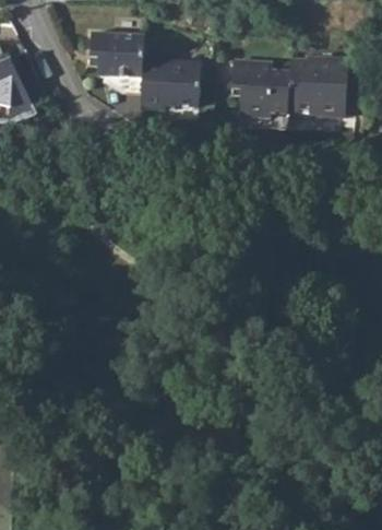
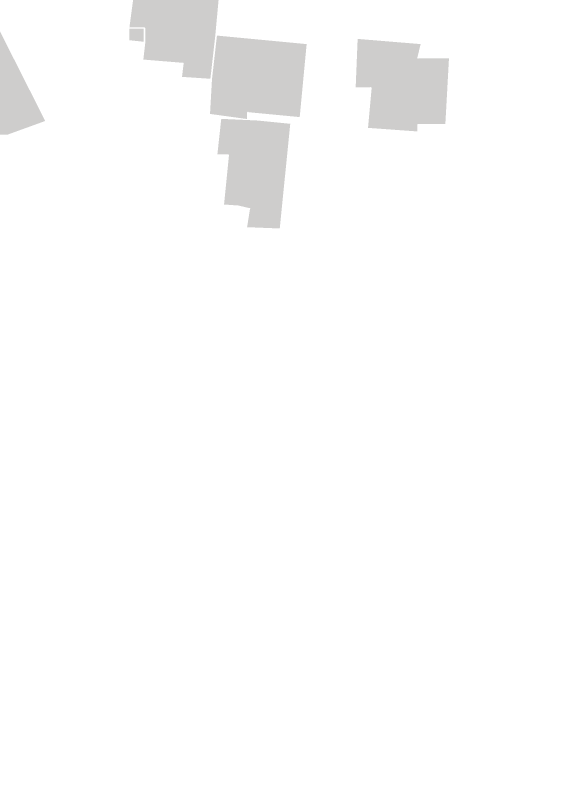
building: [287,58,347,120] -> none
building: none -> [217,118,291,229]

